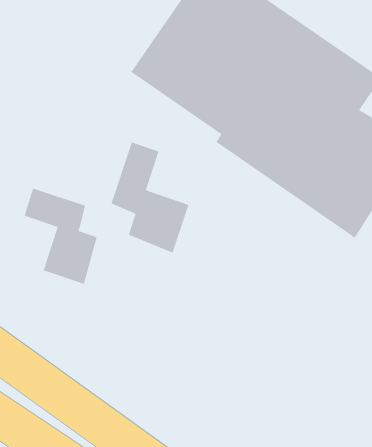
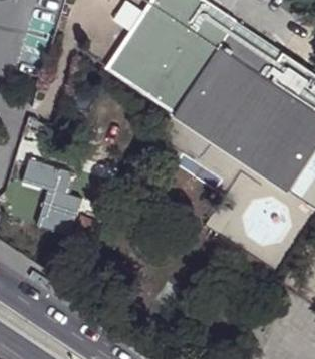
building: [111,142,189,253] -> none

